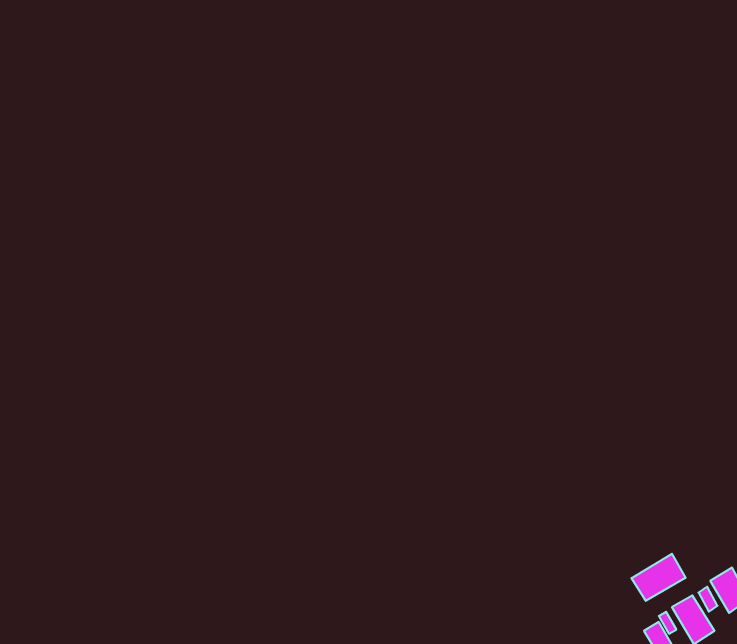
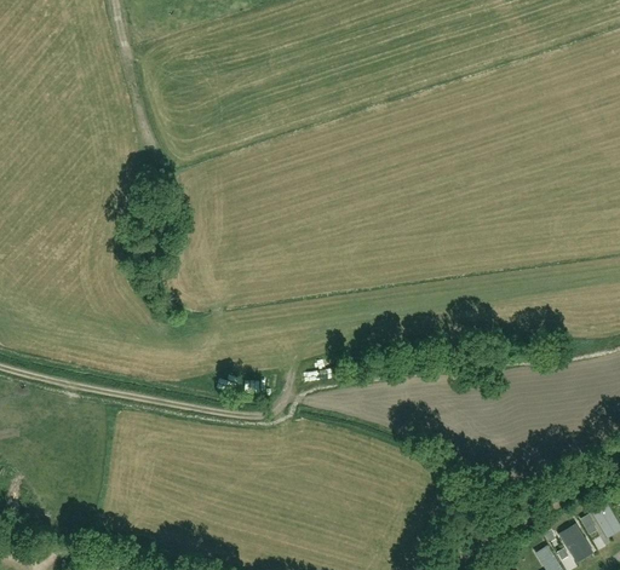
building: [631,554,686,601] -> none

